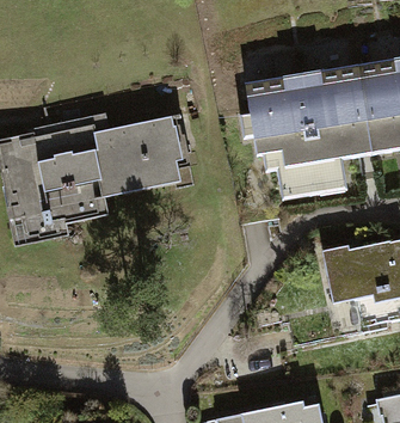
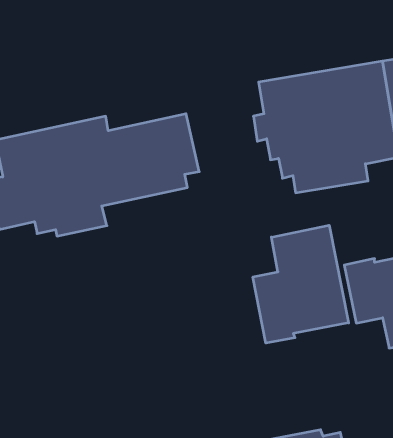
building: none -> [253,225,349,343]

